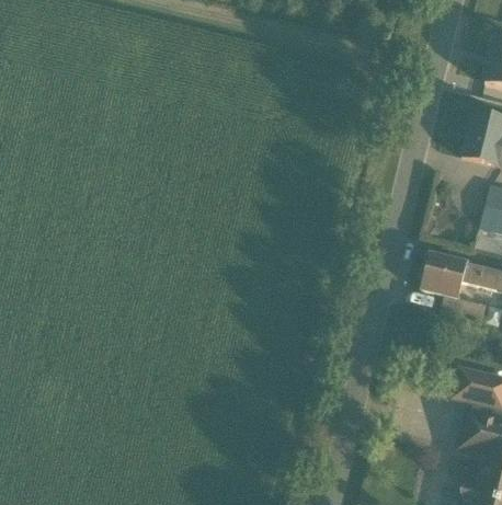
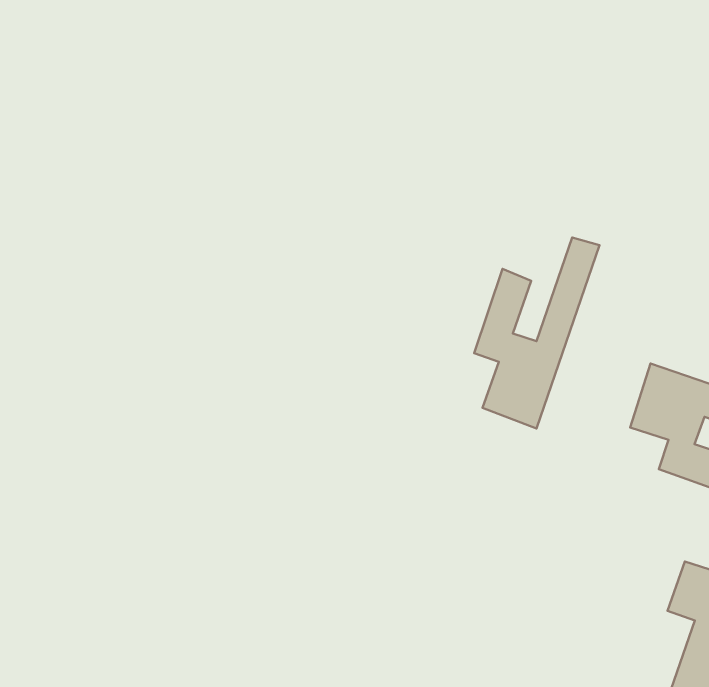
building: none -> [474,237,599,428]

